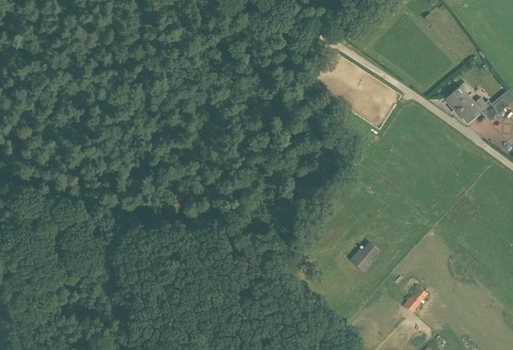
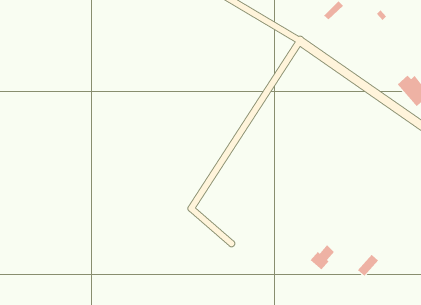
building: [350,242,378,271] -> [310,244,335,270]

